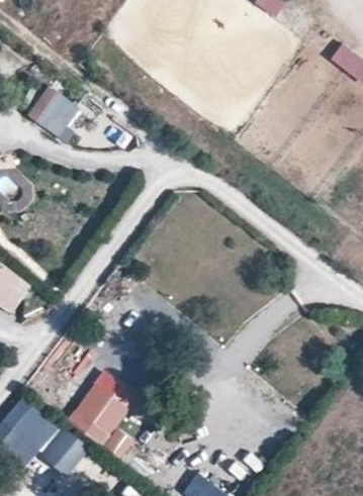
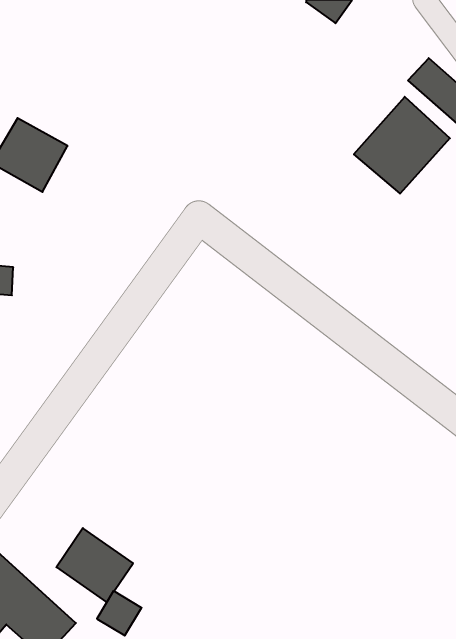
building: none -> [354,97,450,194]

